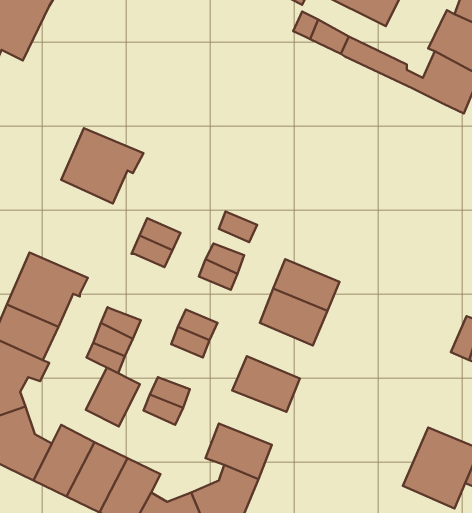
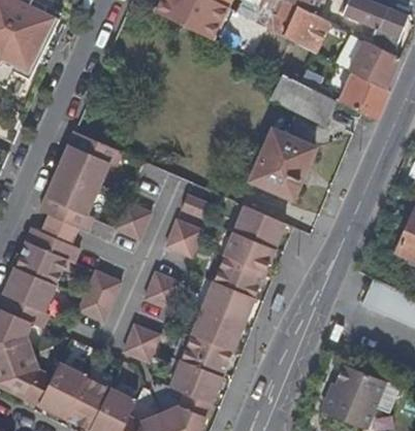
building: none -> [266,75,331,125]
building: none -> [249,129,312,197]
building: none -> [40,171,98,231]
building: none -> [232,205,286,251]
building: none -> [202,283,254,326]
building: [86,368,140,426] -> none
building: none -> [181,335,233,377]

